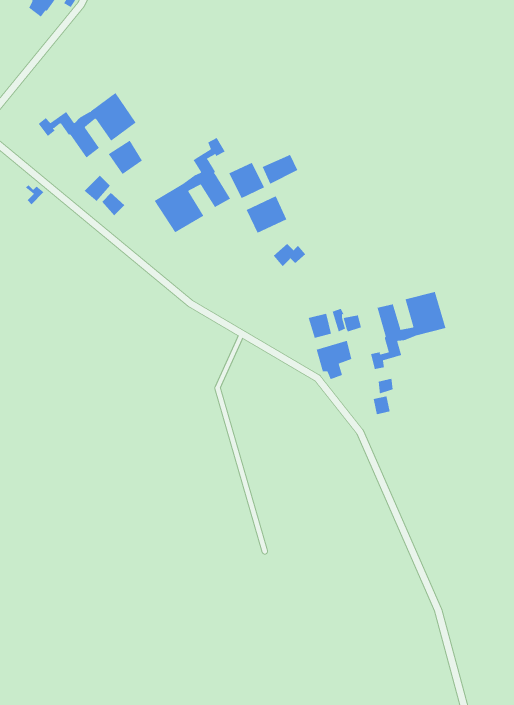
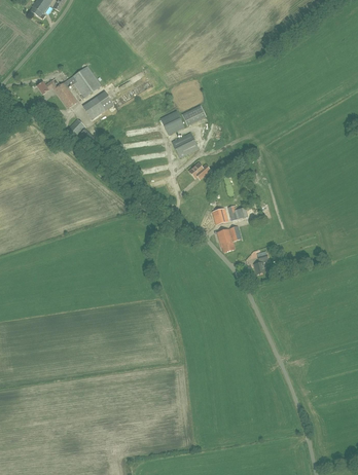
building: [154,137,232,233] -> none
building: [370,291,446,370] -> none

